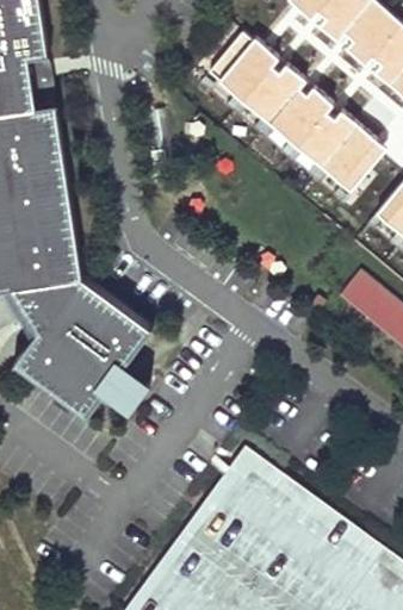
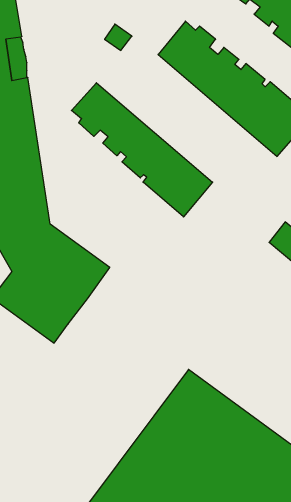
building: none -> [71,83,213,217]
building: [103,362,150,410] -> none

